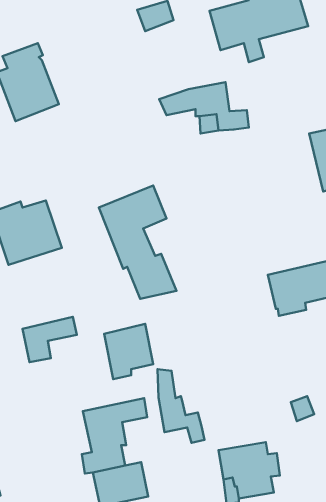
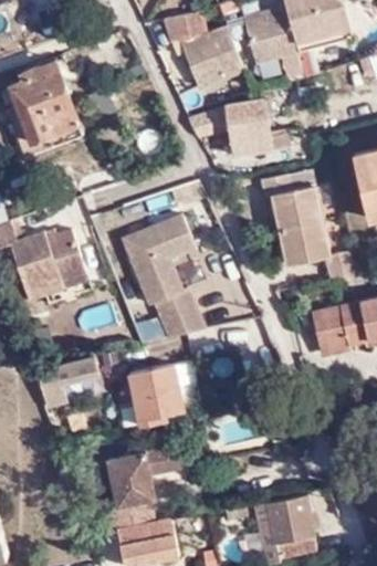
building: none -> [184,27,244,87]
building: none -> [260,175,357,280]
building: [157,369,205,443] -> none

